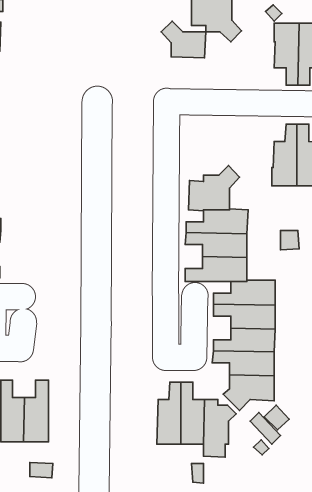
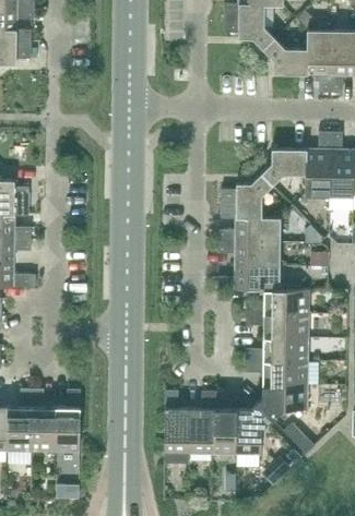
building: [161,21,206,58] -> [263,38,308,75]
building: none -> [261,149,307,185]
building: none -> [164,391,190,463]

